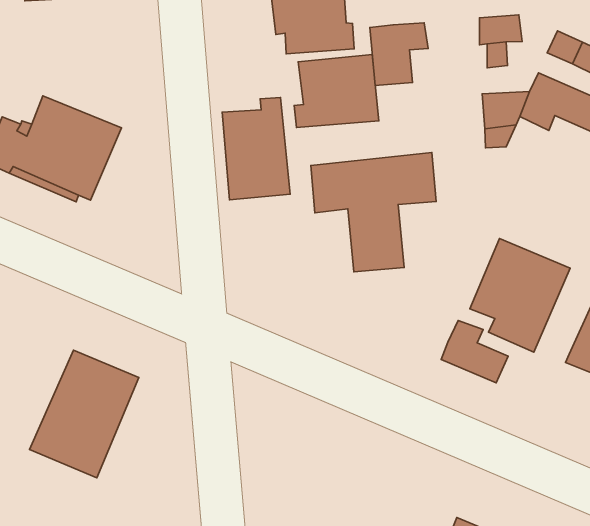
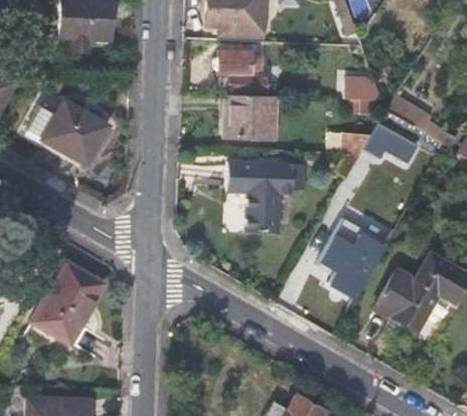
building: [370,23,428,85] -> none
building: [222,98,290,200] -> none
building: [441,320,508,383] -> none

